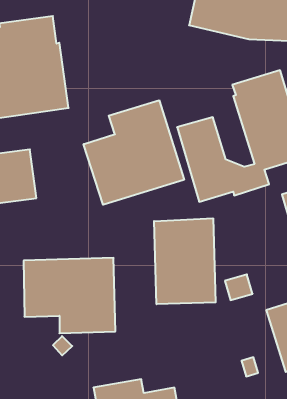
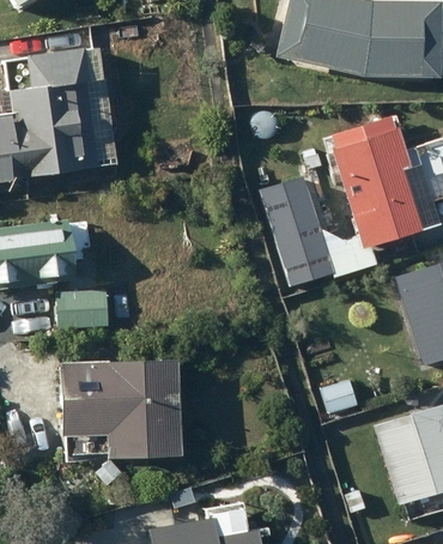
building: [84,100,184,205] -> none
building: none -> [56,289,110,330]
building: [154,218,216,304] -> none

